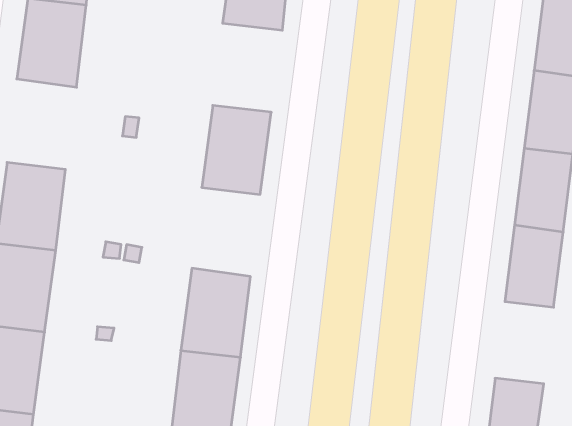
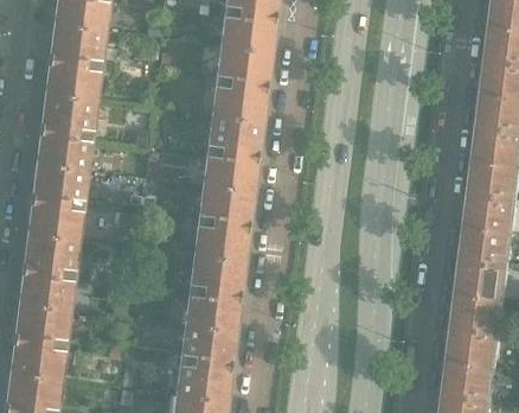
building: none -> [211,49,270,125]
building: none -> [36,96,95,173]
building: none -> [193,189,251,265]
building: none -> [451,286,501,356]

